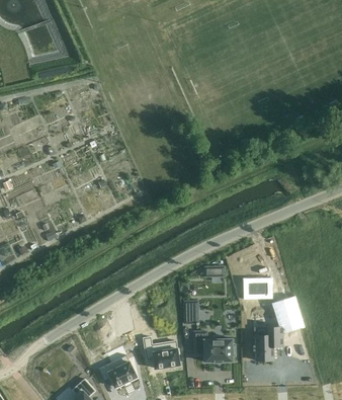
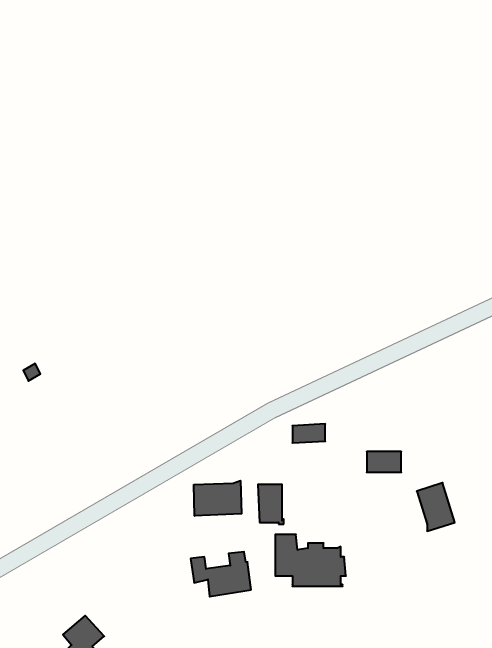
building: none -> [194,481,242,516]
building: [253,326,282,361] -> none
building: [97,354,136,387] -> none

